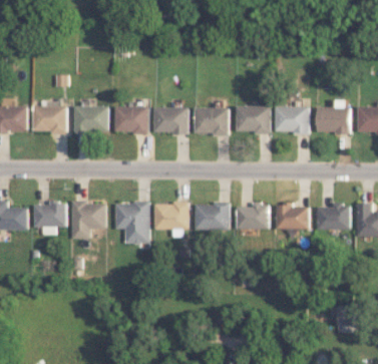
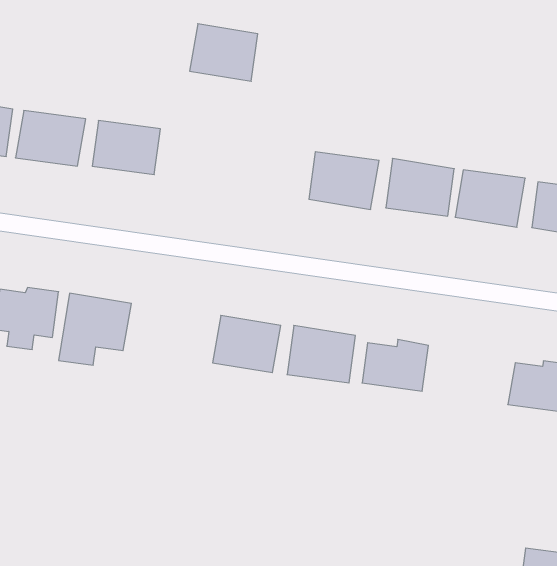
building: [115,106,149,133] -> [190,24,258,81]
building: [155,107,190,134] -> none
building: [115,202,149,244] -> none
building: [277,204,310,230] -> none

